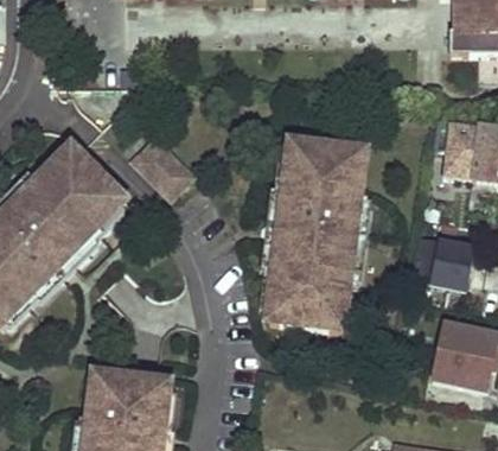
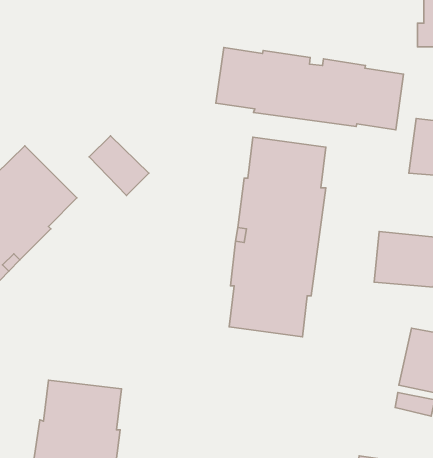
building: none -> [216,48,403,130]

